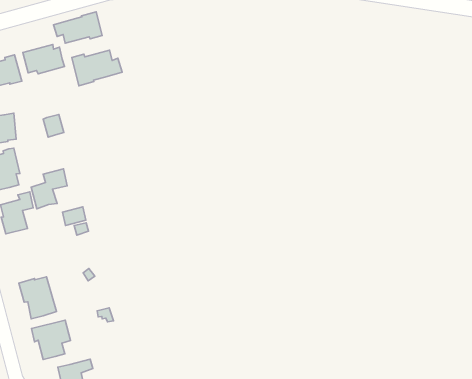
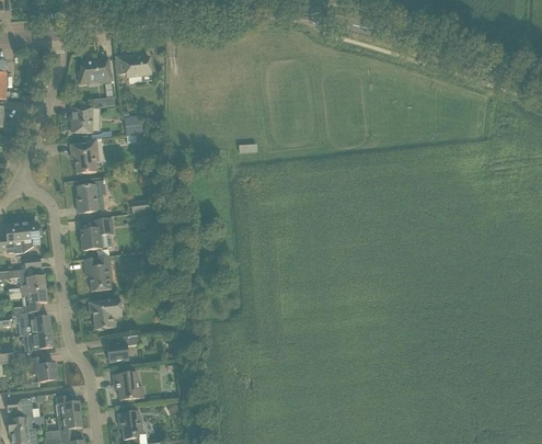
building: [54,12,102,43] -> none
building: [72,50,122,86] -> none
building: [31,169,67,209] -> [80,218,112,250]

